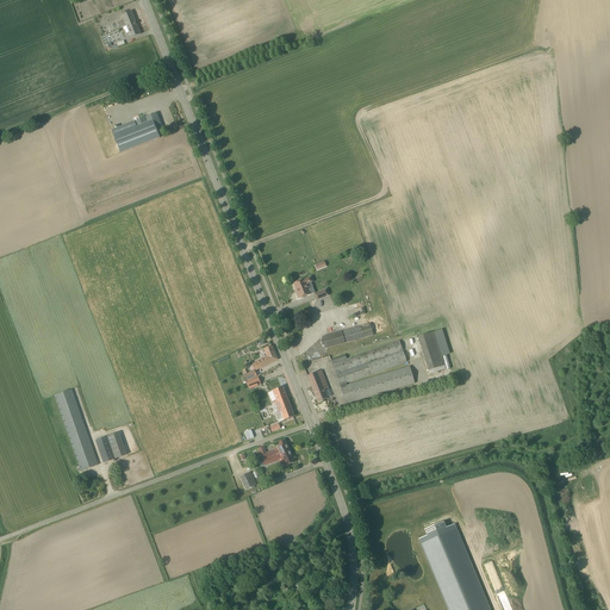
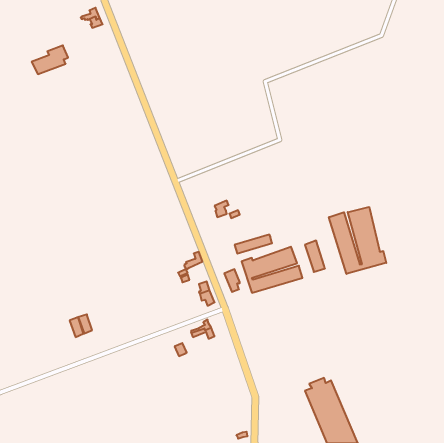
building: [113,112,163,151] -> [32,45,68,74]
building: none -> [329,207,386,274]
building: [55,388,98,469] -> none

